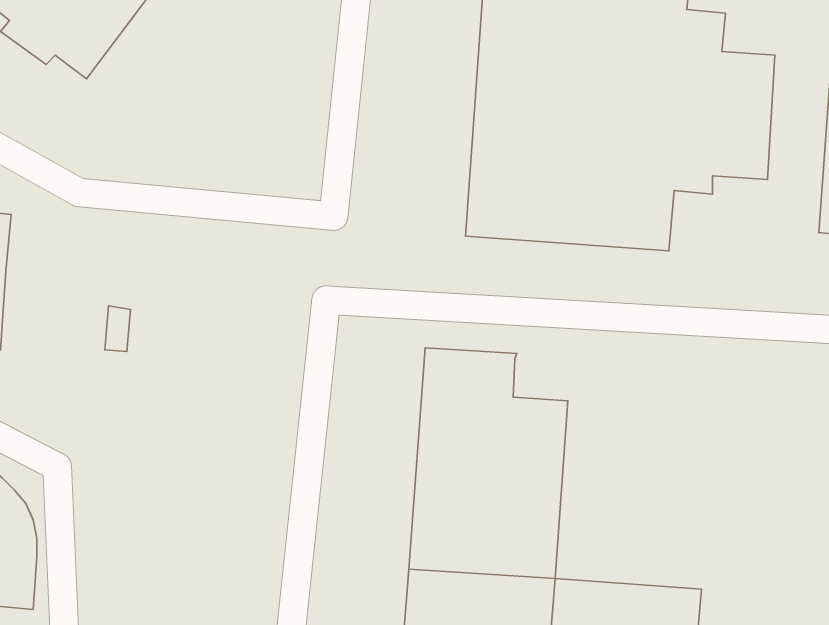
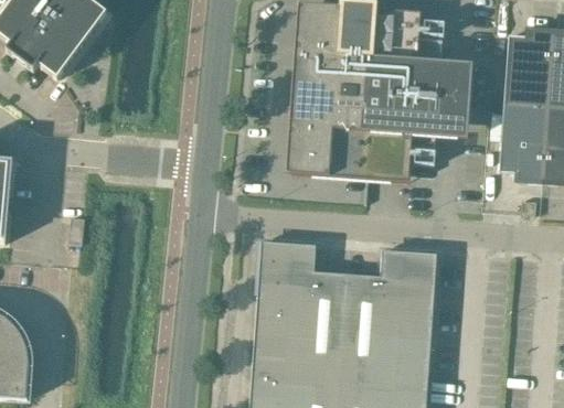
building: none -> [340,249,437,386]

